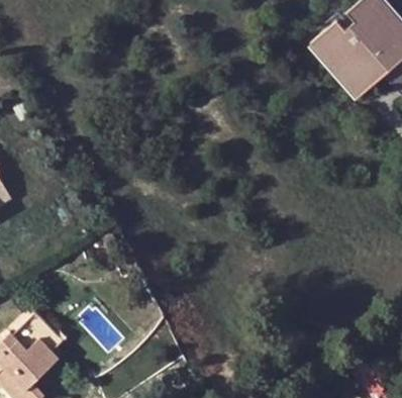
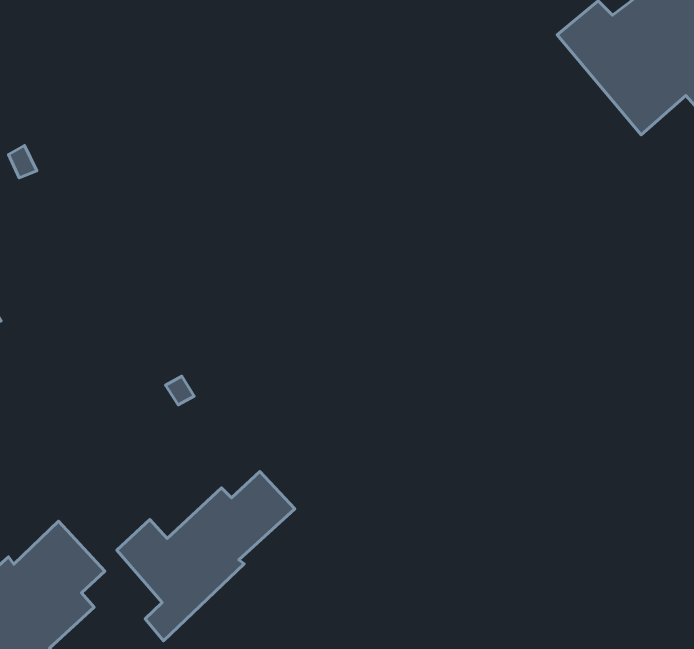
building: none -> [117,471,295,641]

